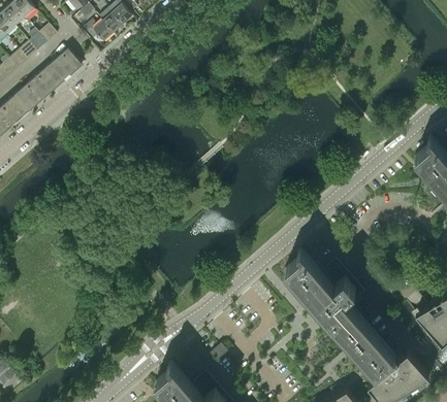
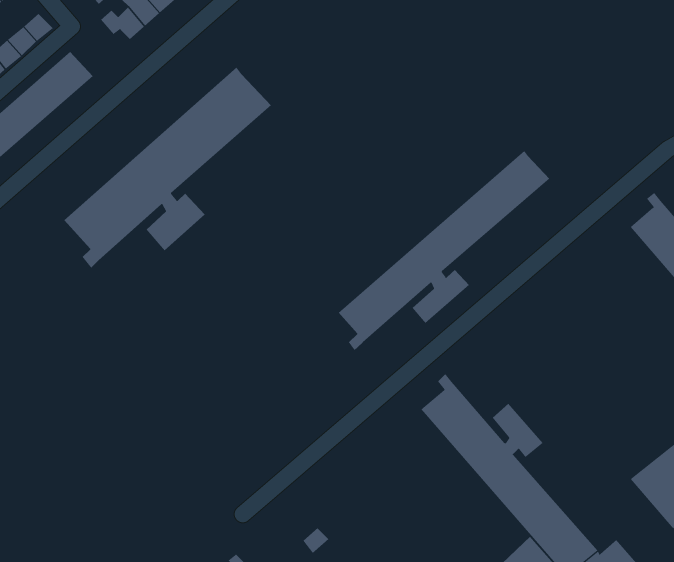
building: none -> [64,67,272,269]
building: none -> [338,150,550,351]

